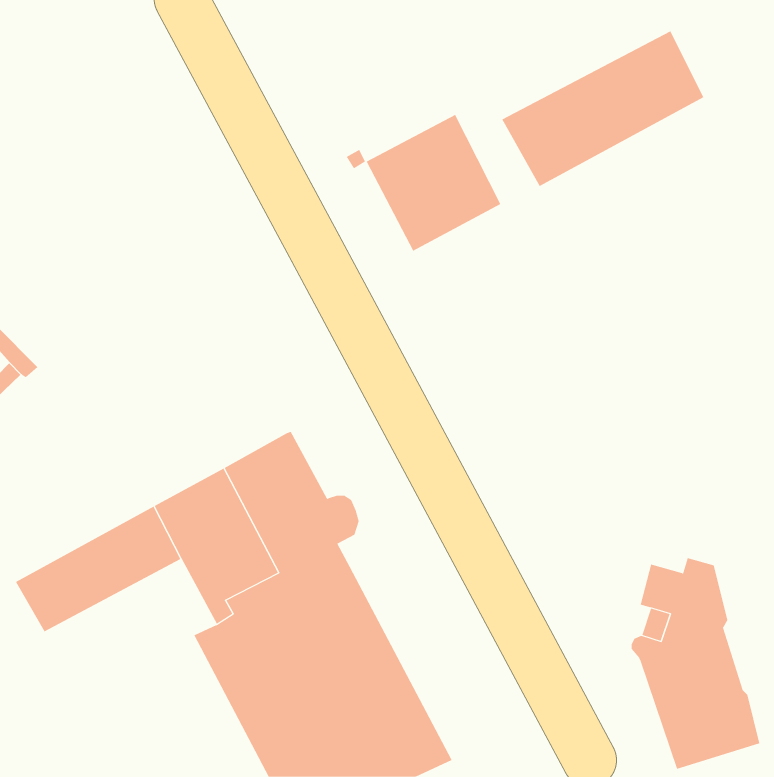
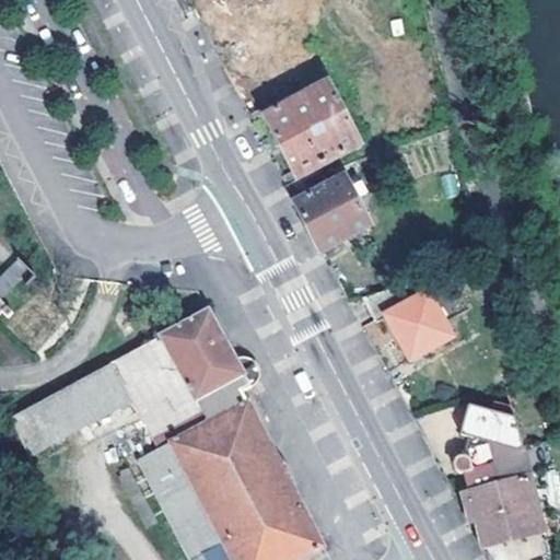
building: [502,30,704,187] -> none
building: none -> [288,172,371,252]
building: none -> [366,280,453,361]

